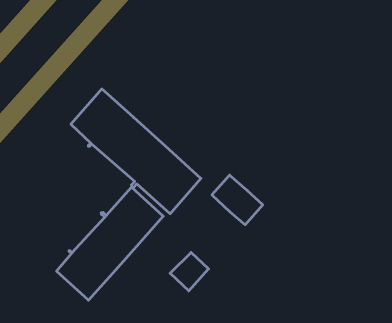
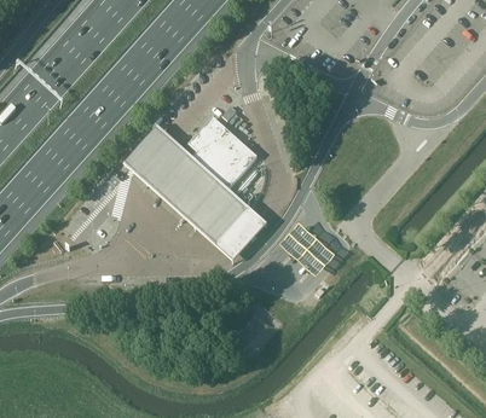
building: none -> [190,116,258,187]
building: [57,187,163,300] -> none

